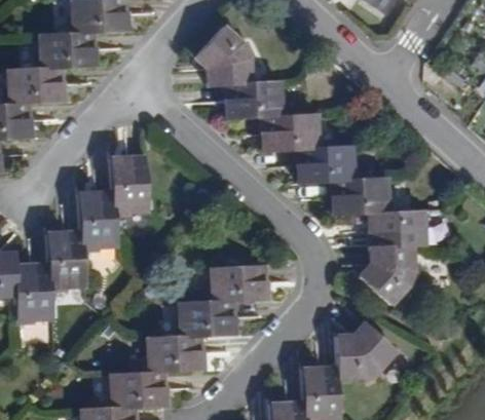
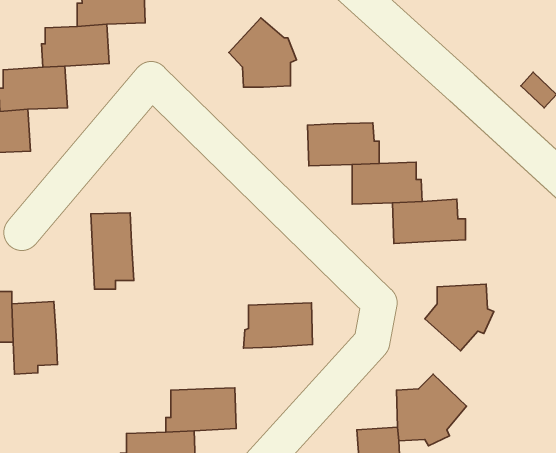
building: [225,81,284,117] -> none
building: [112,156,148,214] -> none
building: [369,211,426,251] -> none
building: [49,230,86,292] -> none
building: [176,301,233,336] -> none

